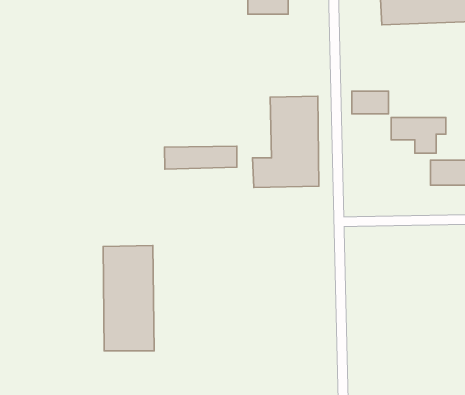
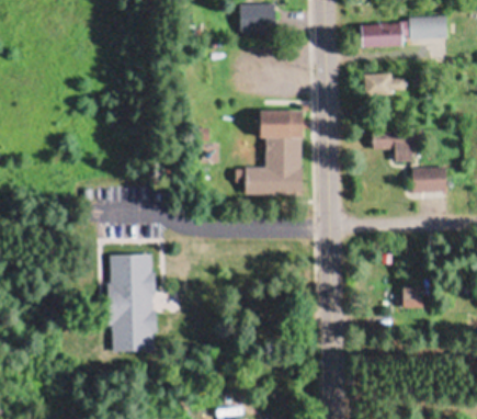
building: [352,91,389,114] -> [364,75,398,95]
building: [165,146,237,169] -> none
building: none -> [402,287,424,310]

